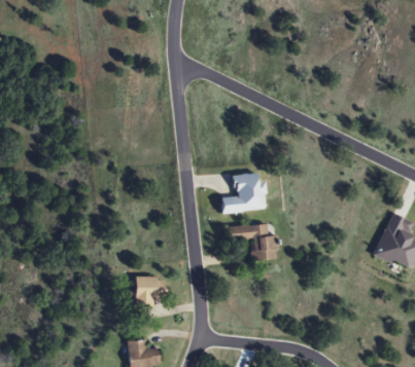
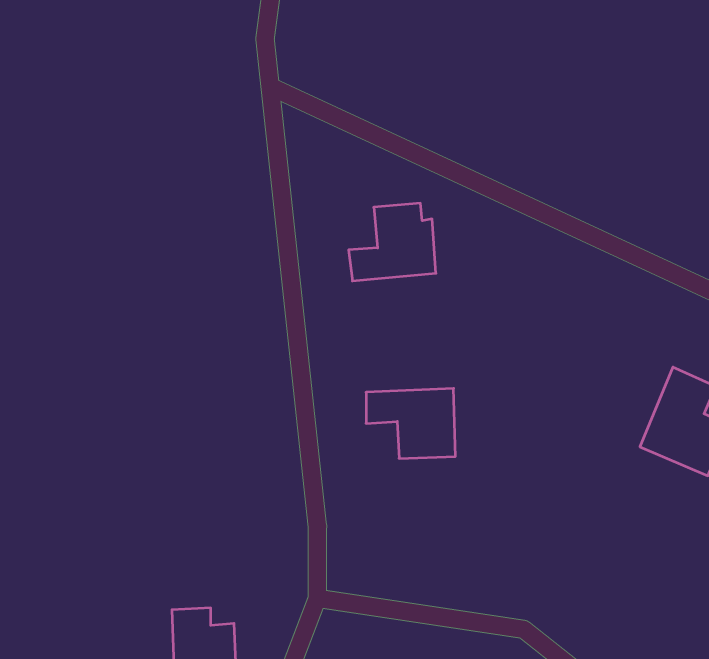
building: [218,172,265,213] -> [349,203,436,281]
building: [133,277,165,305] -> none

